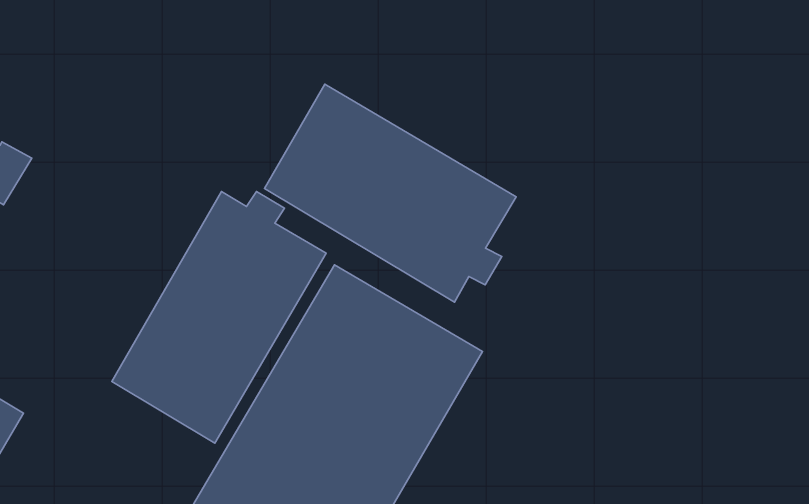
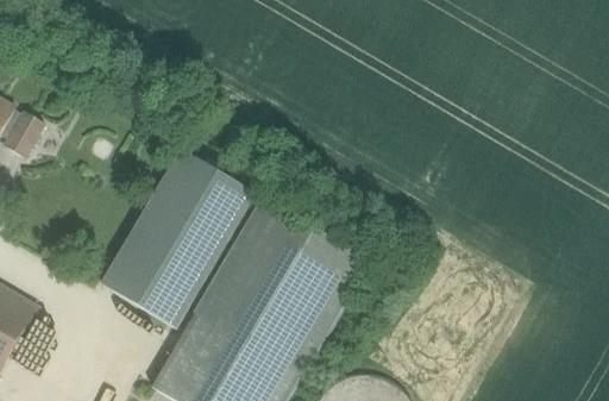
building: [265,84,516,302] -> none

